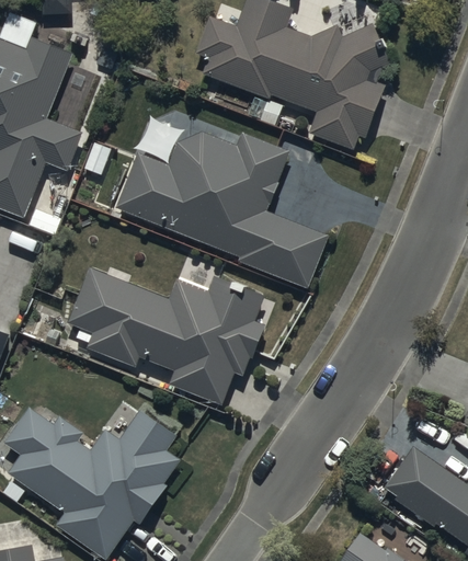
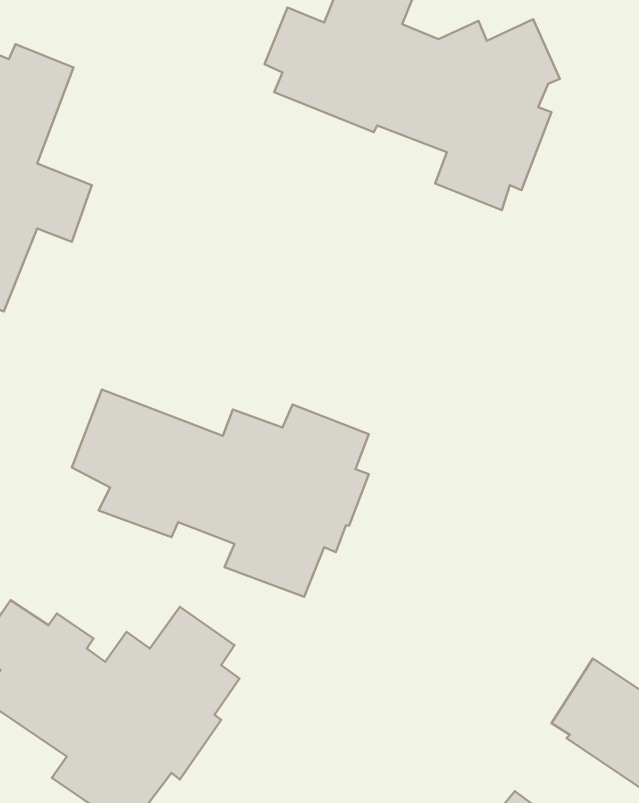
building: [114,131,329,289] -> none

